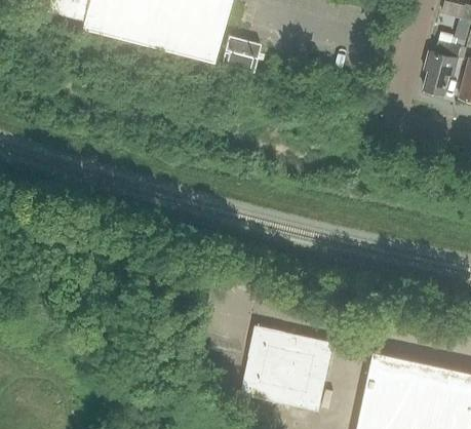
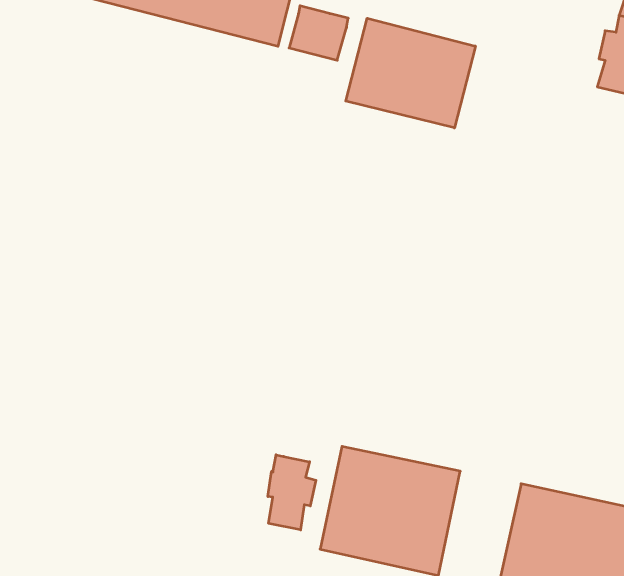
building: none -> [346,18,475,128]
building: none -> [268,455,316,530]

